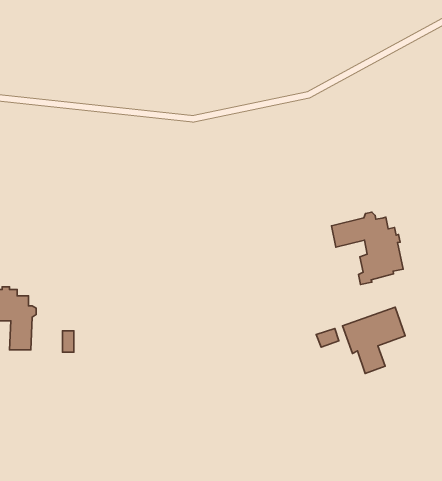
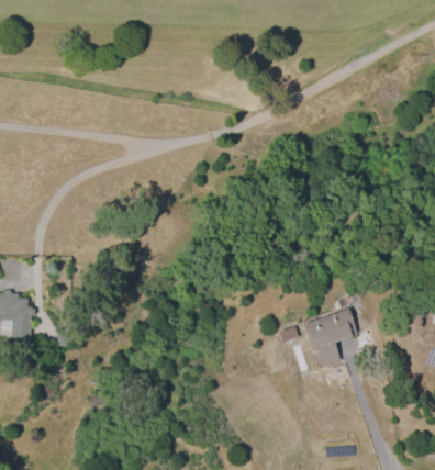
building: [331,212,403,284] -> none

